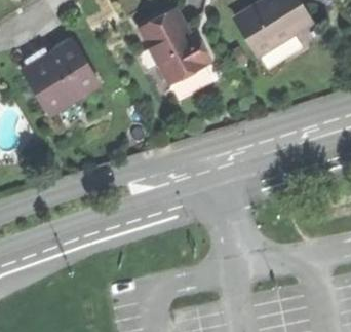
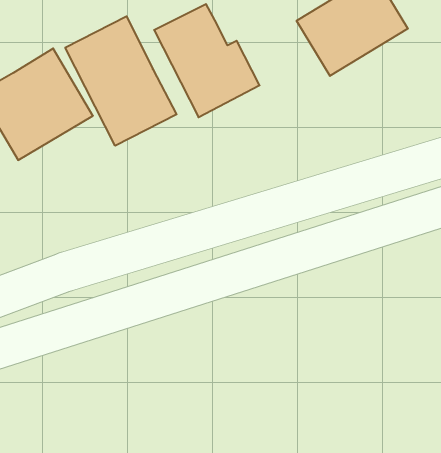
building: none -> [65,16,177,146]

